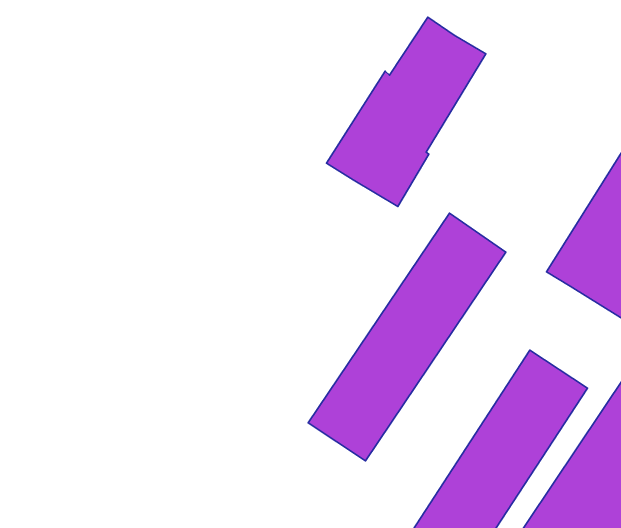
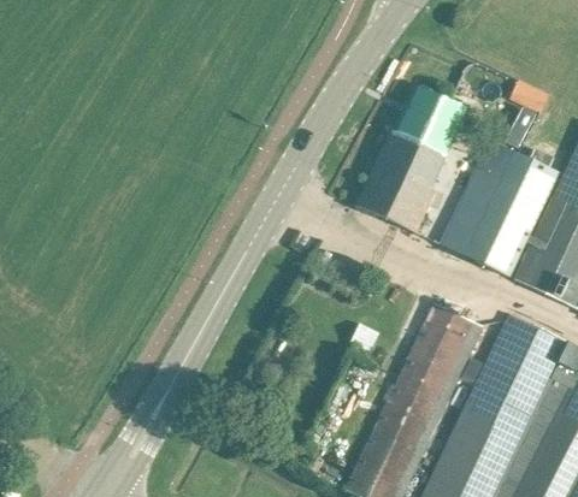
building: [326,17,486,207] -> [358,87,466,231]
building: [308,213,506,461] -> none

